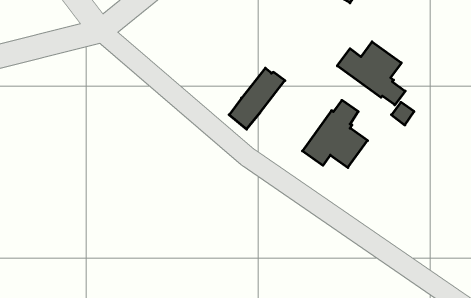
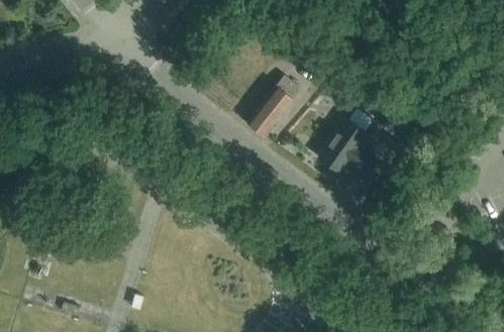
building: [337,42,405,105] -> none

